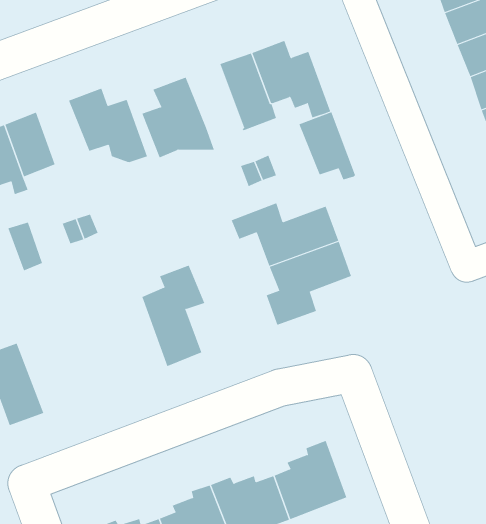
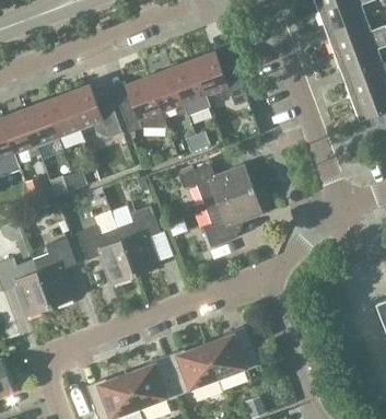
building: none -> [45,93,81,137]
building: [298,111,356,180] -> [148,68,187,115]
building: none -> [77,225,134,284]
building: none -> [32,236,75,307]

